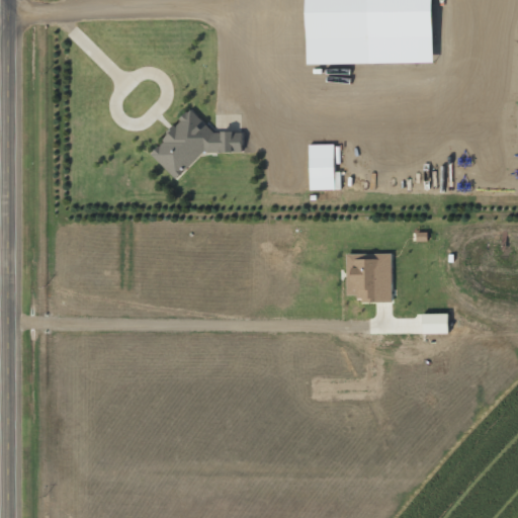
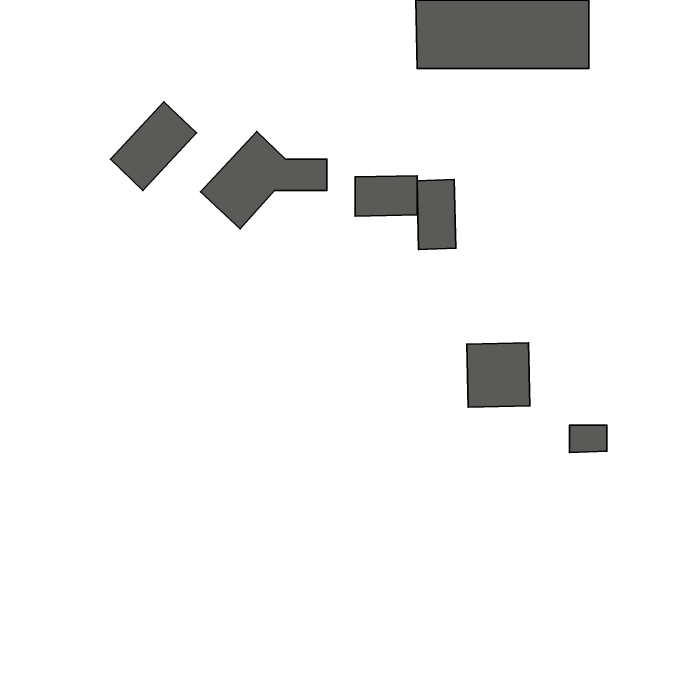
building: none -> [110,102,196,190]
building: none -> [355,176,417,216]

